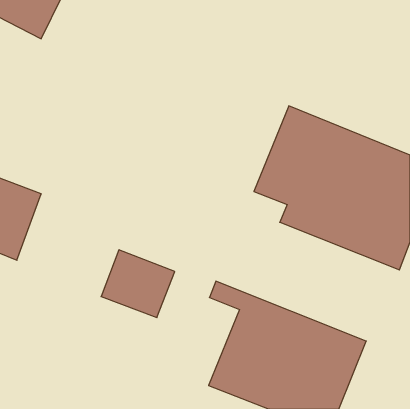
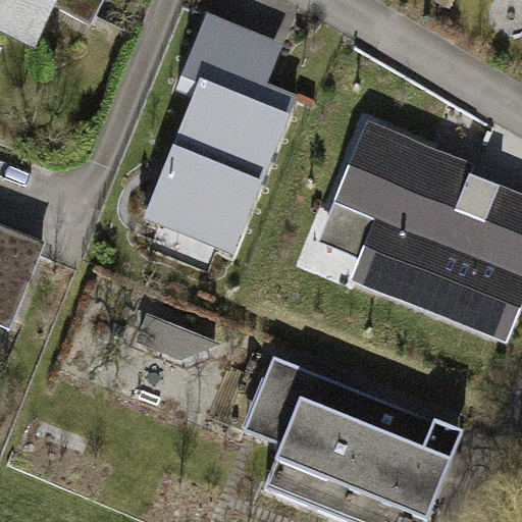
building: none -> [156,17,293,227]

